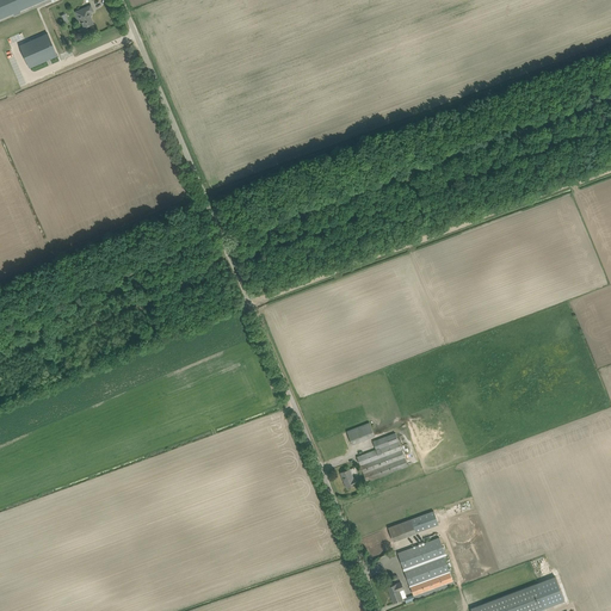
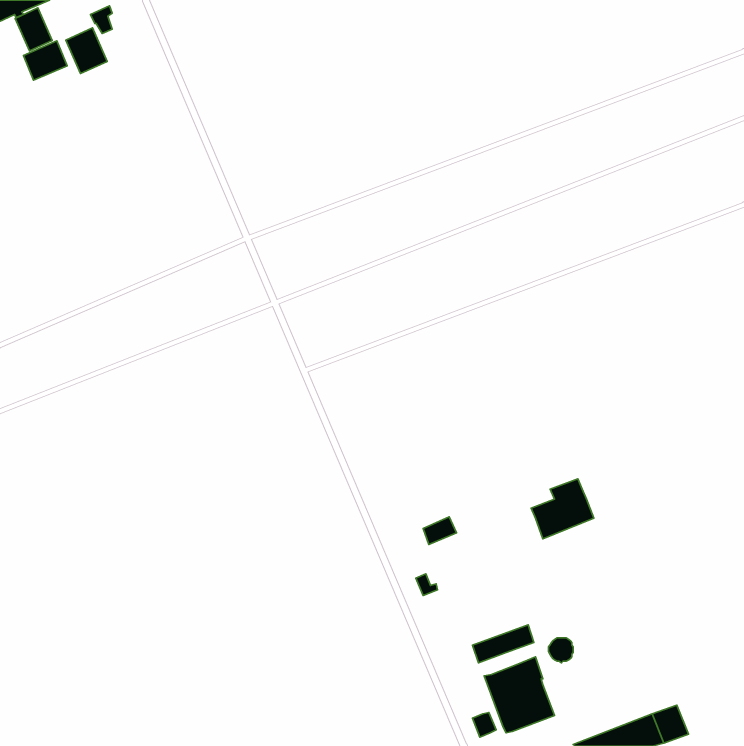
building: none -> [15,8,52,51]
building: none -> [66,28,107,74]
building: [356,433,407,482] -> [531,479,594,539]

